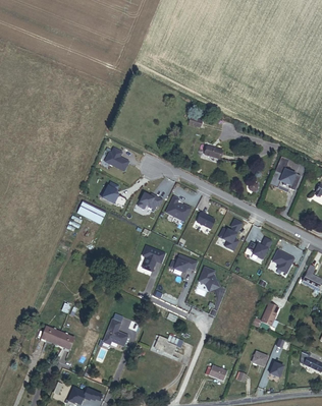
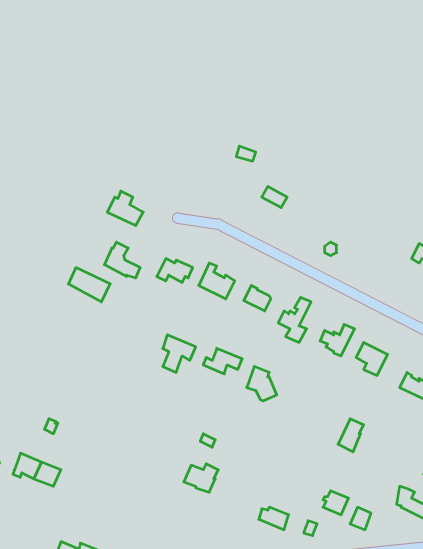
building: [274,157,300,191] -> none
building: [103,317,128,345] -> none

